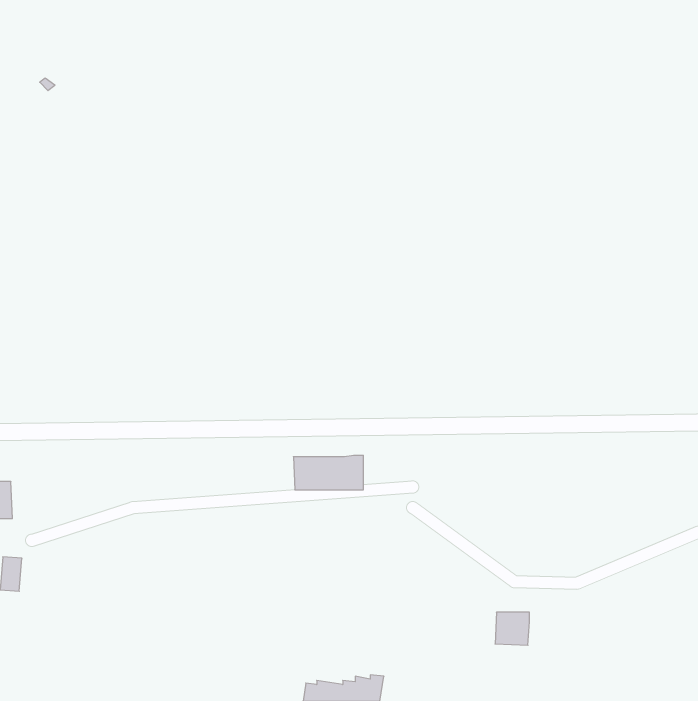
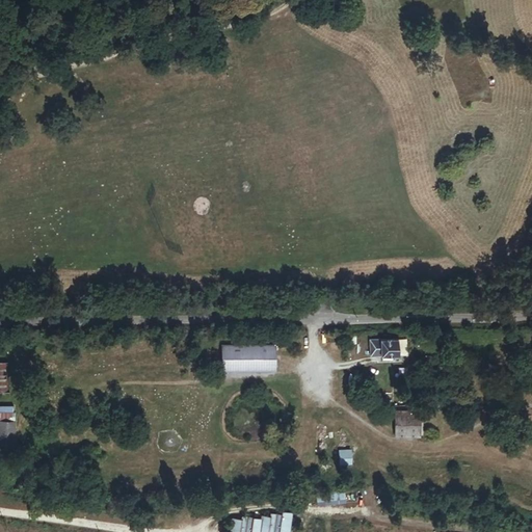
building: none -> [370,340,399,355]
building: [495,612,529,645] -> [394,413,420,437]

